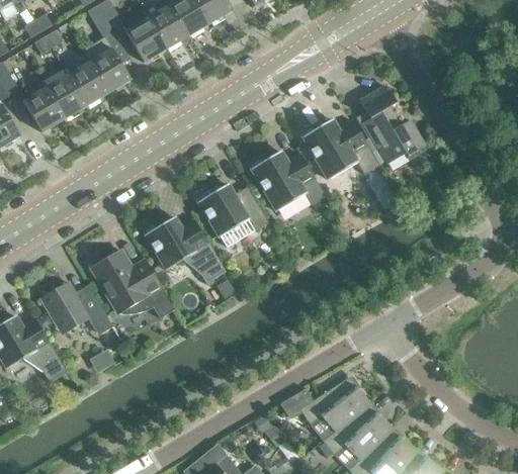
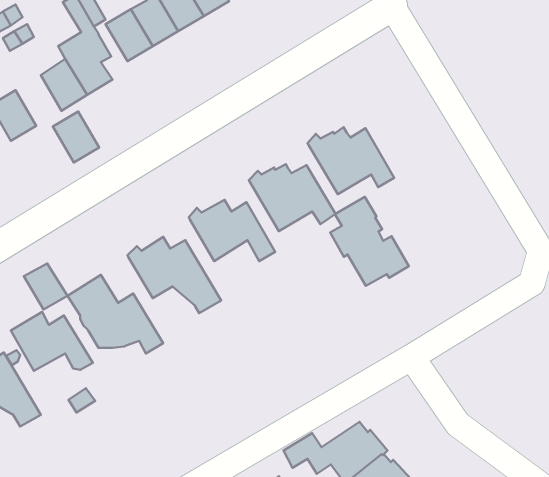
building: [45,75,85,119] -> [53,112,99,162]
building: [355,86,424,164] -> [330,197,409,286]
building: none -> [24,263,67,309]

